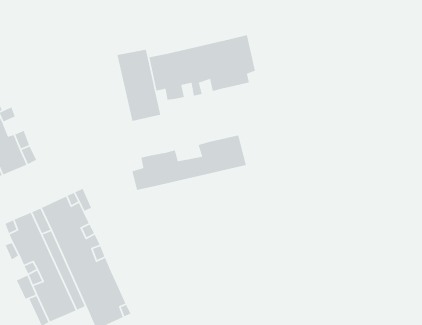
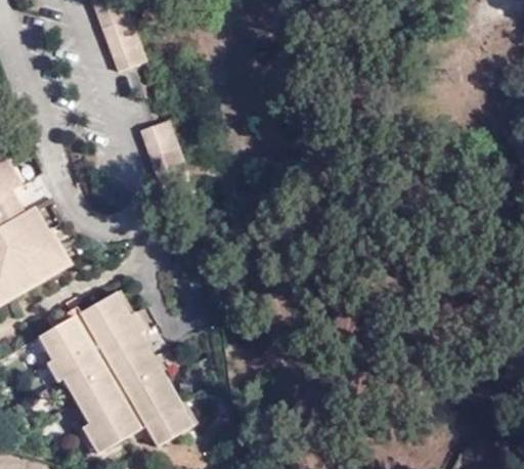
building: [148,34,256,101] -> none
building: [131,135,247,191] -> none

